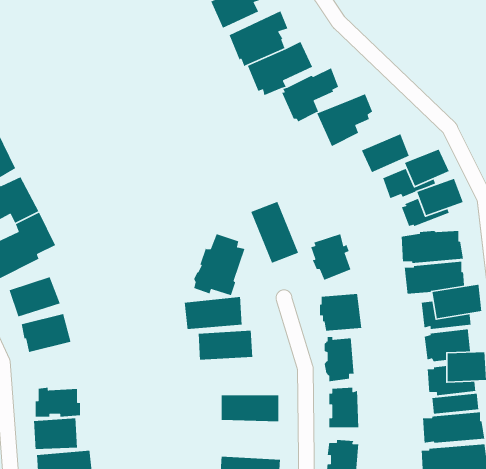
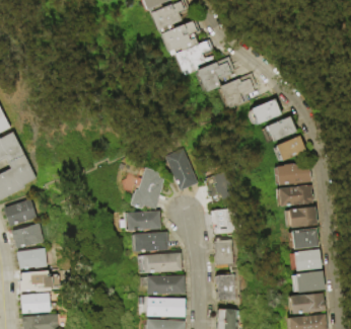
building: none -> [20,248,52,270]
building: none -> [143,254,183,276]
building: none -> [146,297,187,317]

